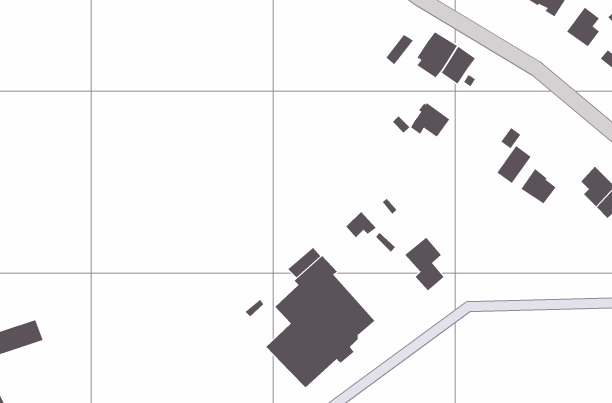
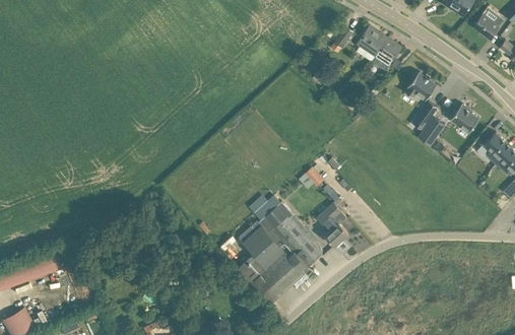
building: [410,103,450,137] -> [405,71,437,98]
building: [520,168,557,204] -> [451,103,479,131]
building: [404,237,444,291] -> [317,202,348,245]

